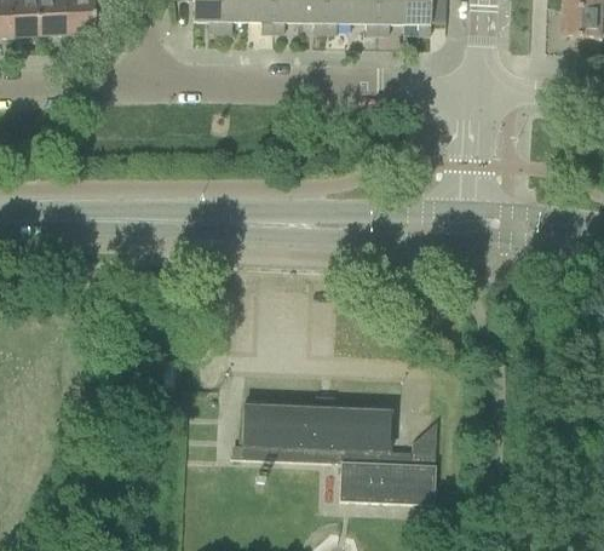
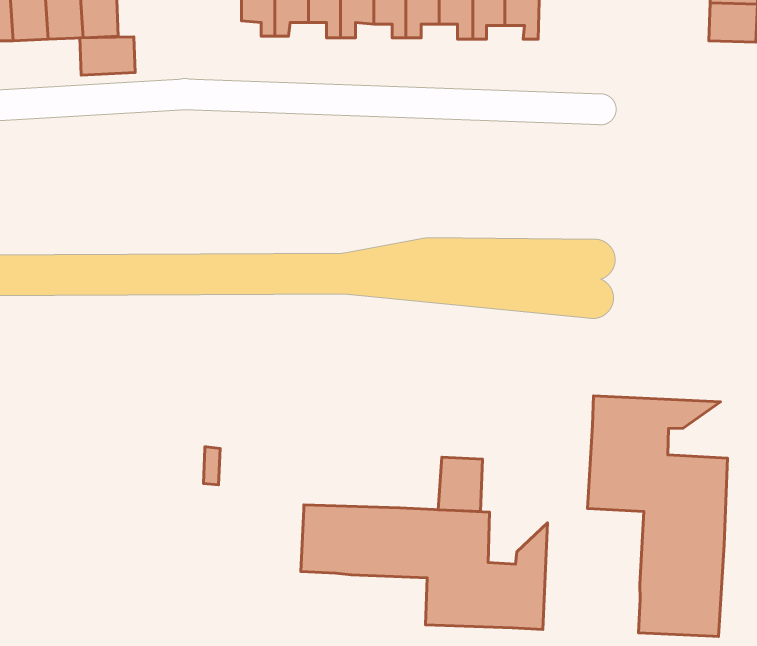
building: none -> [80,37,135,75]
building: none -> [588,396,727,637]
building: none -> [438,457,482,512]

